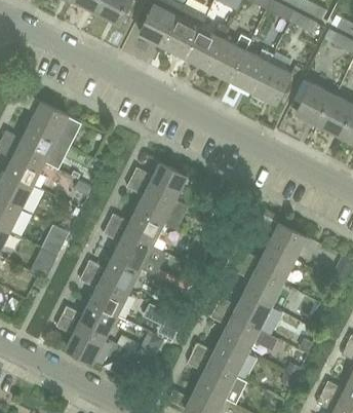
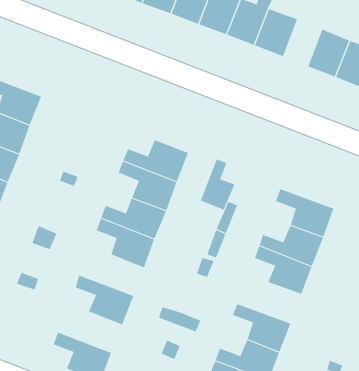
building: none -> [200,159,235,211]
building: [84,256,141,293] -> none
building: [215,293,271,330] -> none
building: [62,302,117,339] -> none

